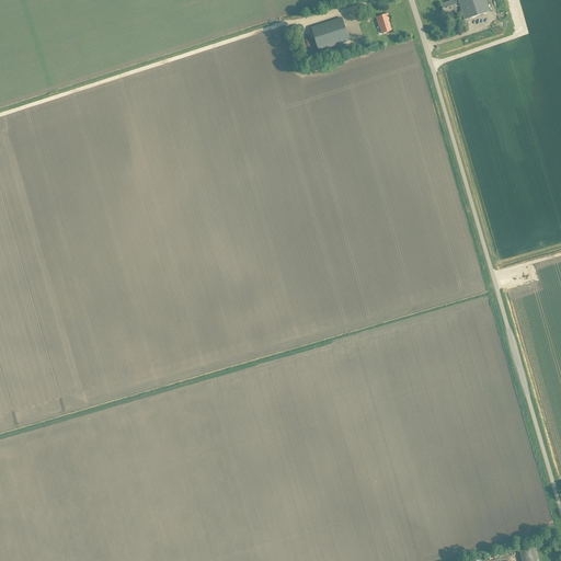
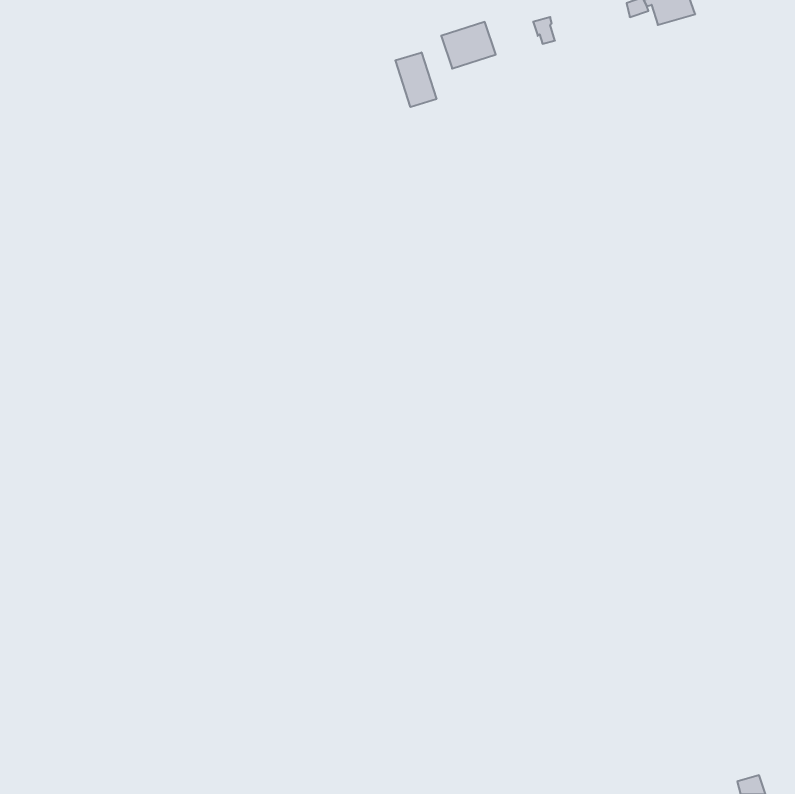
building: none -> [395,52,436,107]

